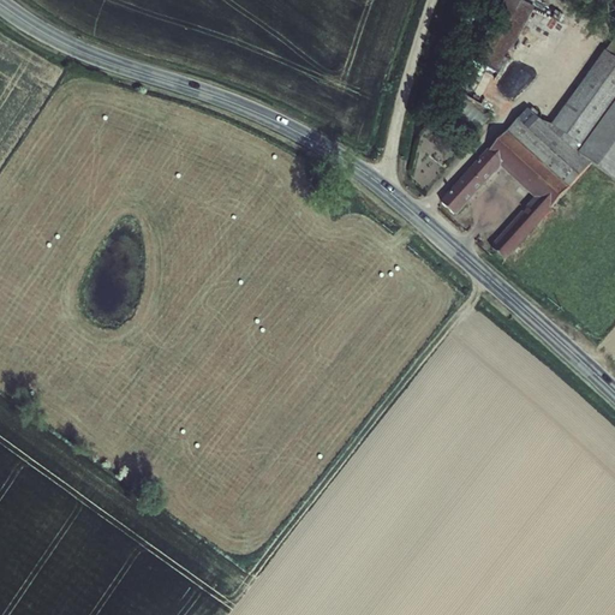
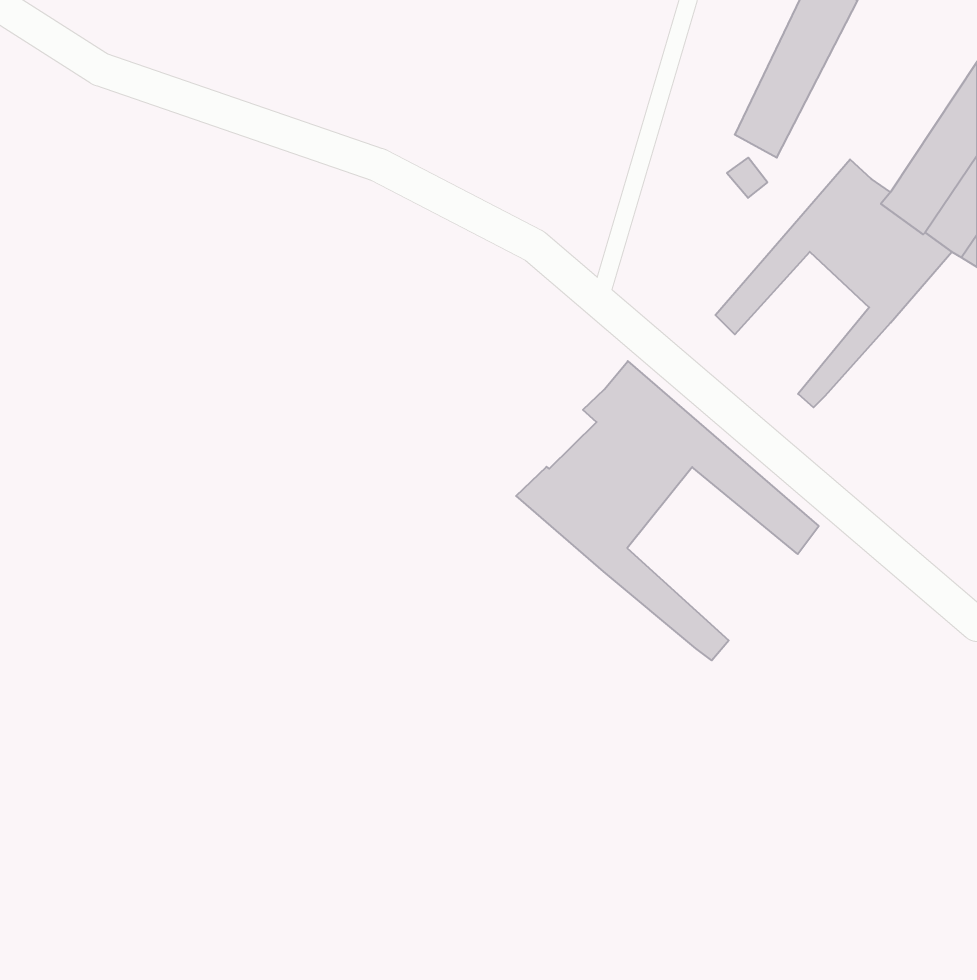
building: none -> [516,361,819,660]

